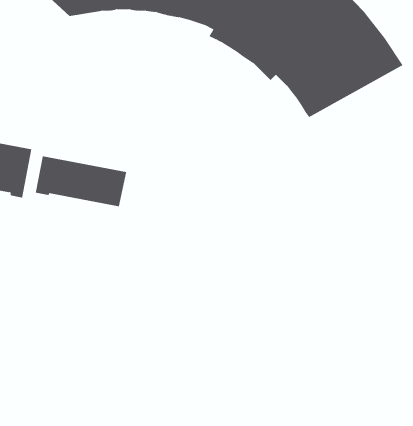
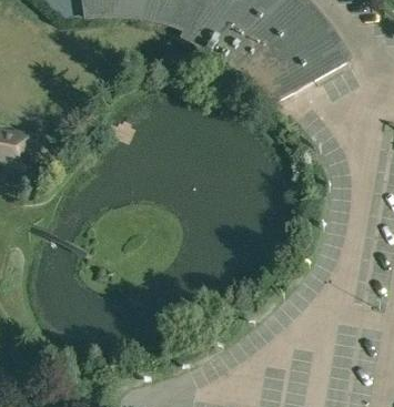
building: [35,155,127,207] -> none

